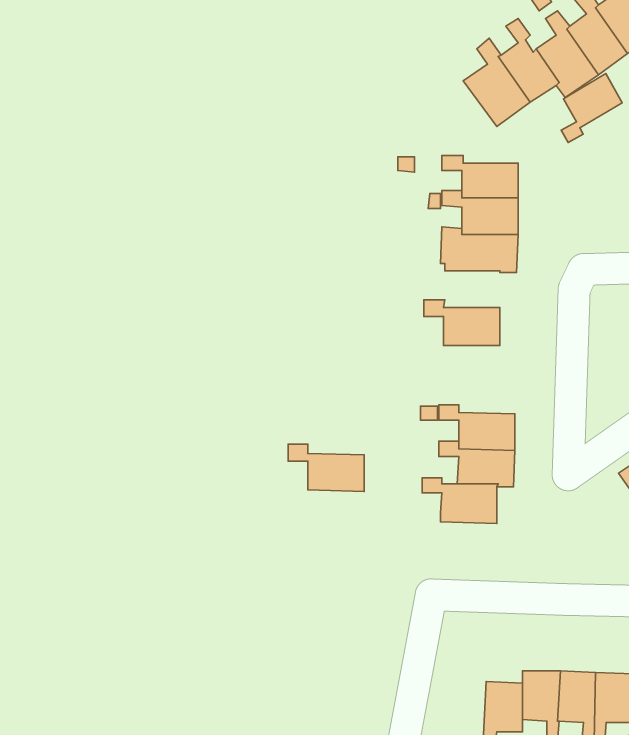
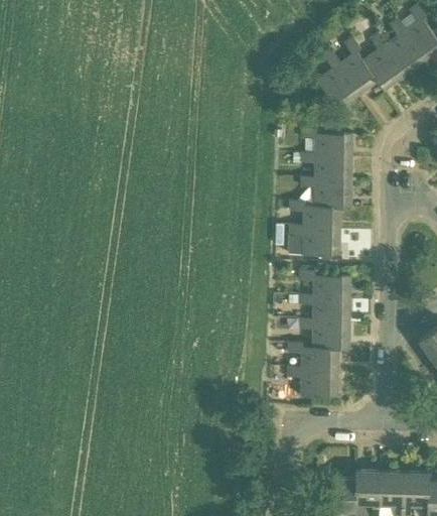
building: [561,73,622,142] -> none
building: none -> [290,201,339,230]
building: none -> [300,270,349,300]
building: [288,444,364,491] -> [287,366,337,397]

